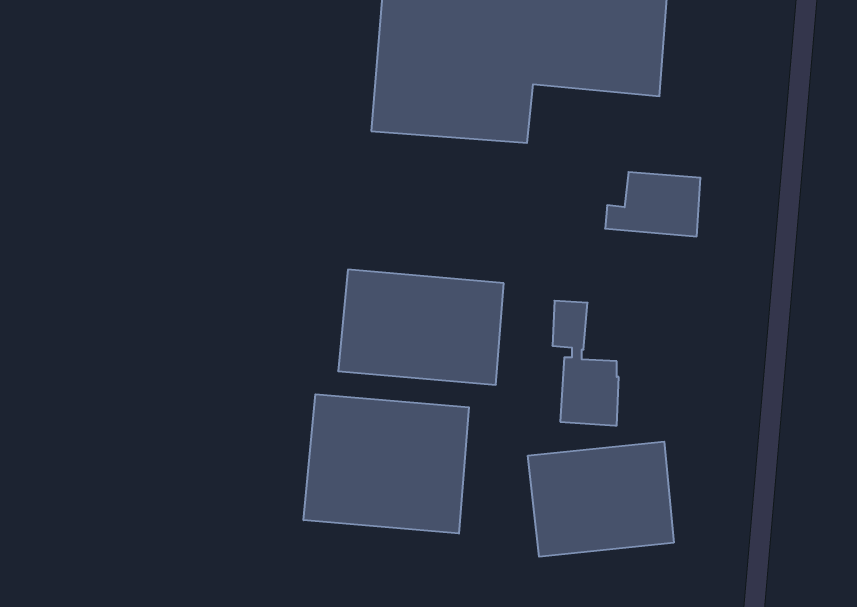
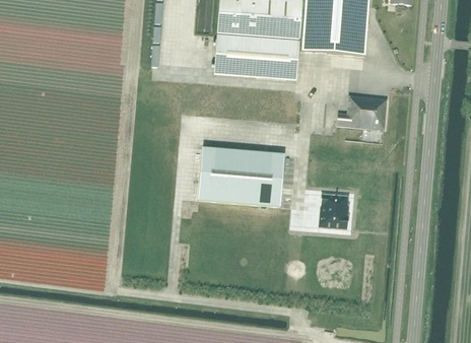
building: [304,394,469,534] -> none
building: [528,442,674,557] -> none

